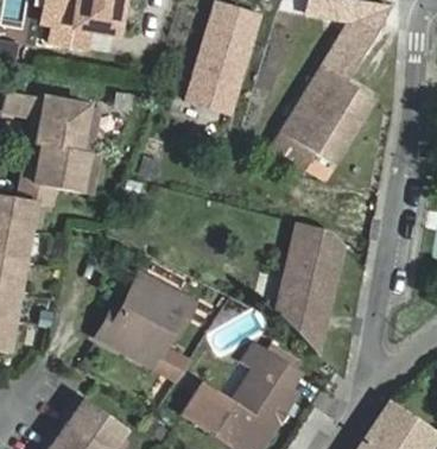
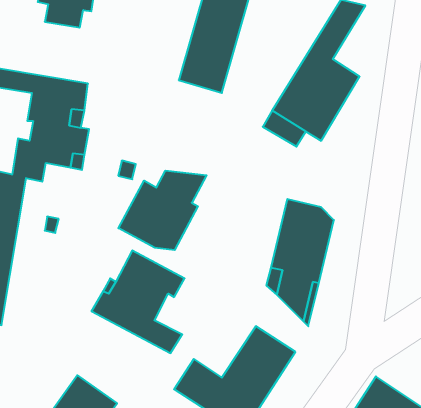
building: none -> [118,171,207,250]

